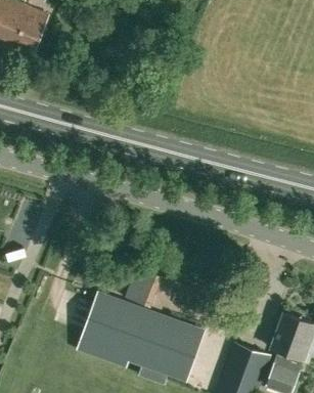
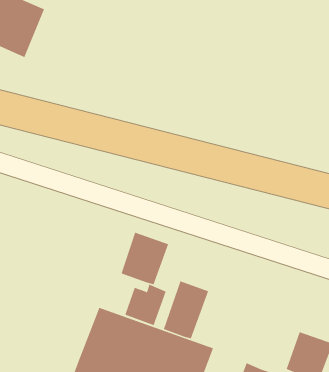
building: none -> [121,232,169,285]
building: none -> [163,280,209,339]

